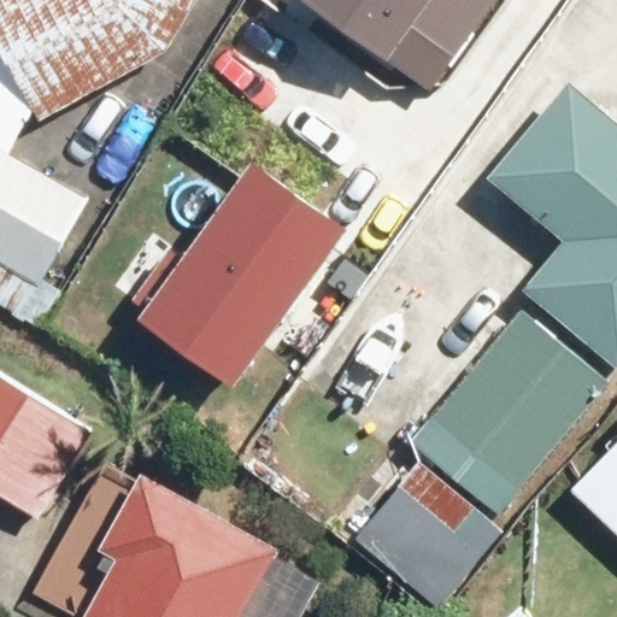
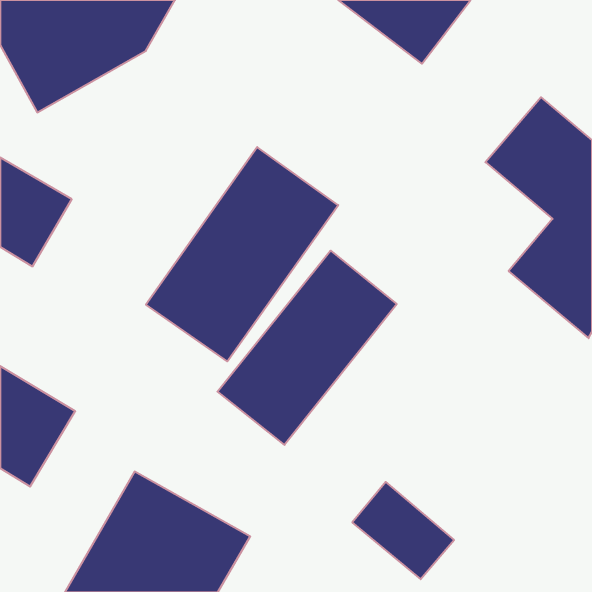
building: none -> [217,251,397,445]
building: [423,328,592,506] -> none

